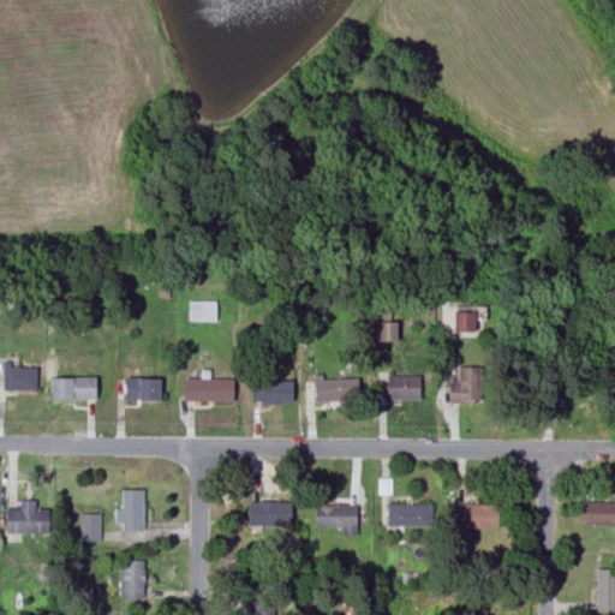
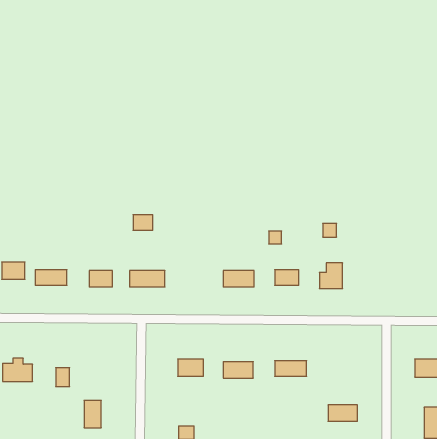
building: [251,381,299,402] -> none
building: [123,490,143,530] -> none
building: [458,506,498,529] -> [328,405,357,421]

